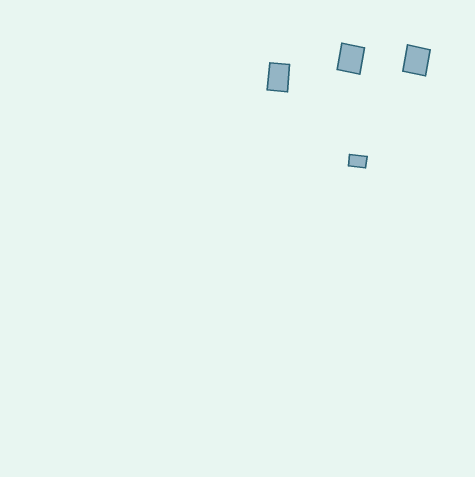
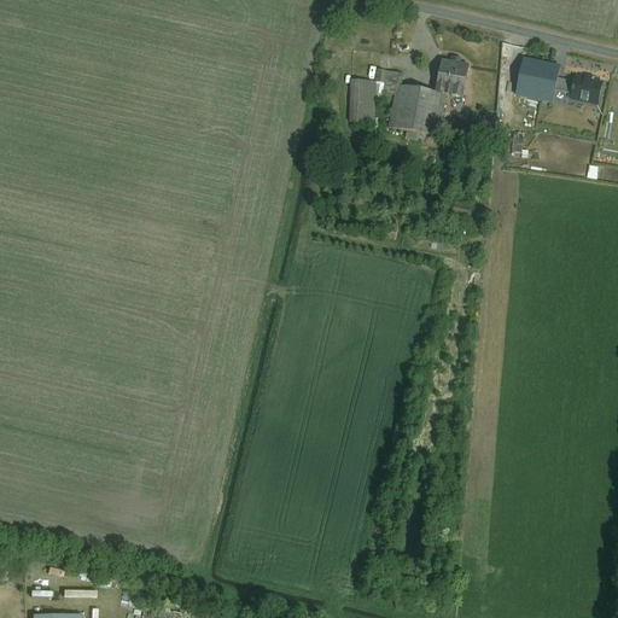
building: none -> [571,76,601,104]
building: none -> [392,87,431,129]

